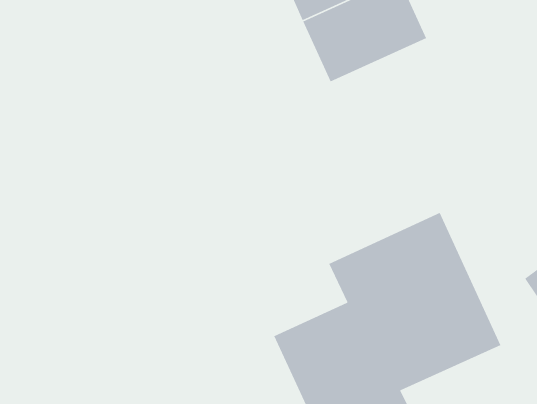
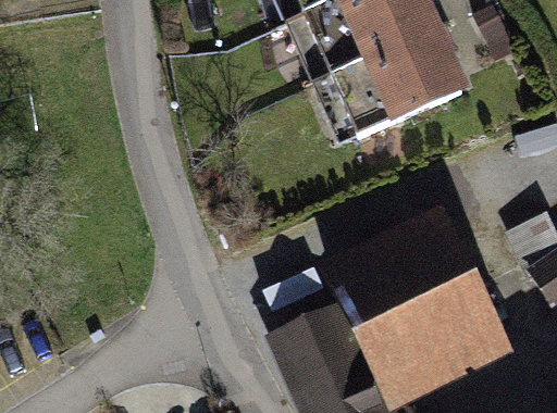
building: none -> [344,43,470,149]

